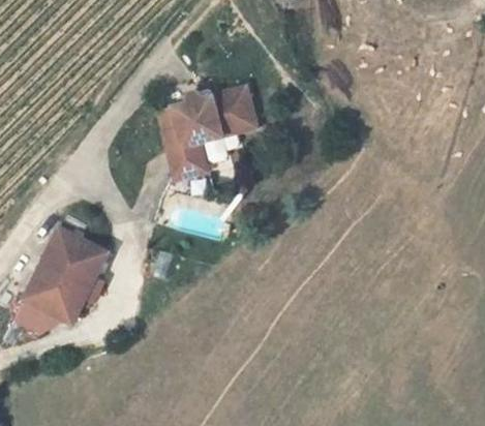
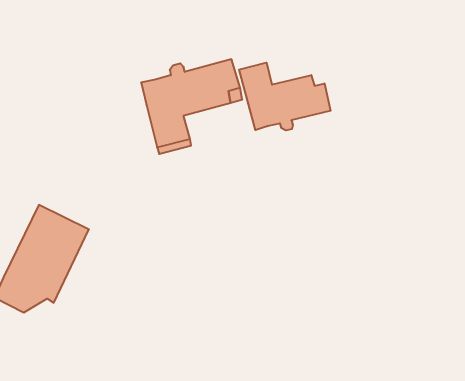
building: none -> [239,63,331,130]

